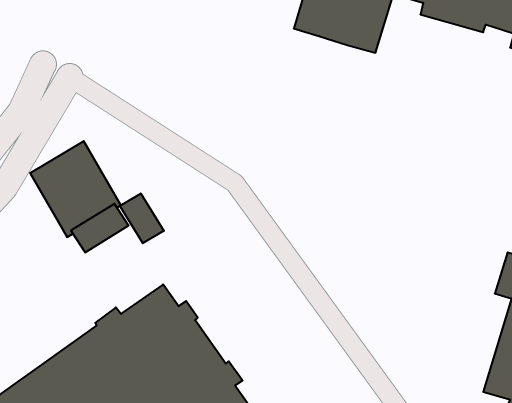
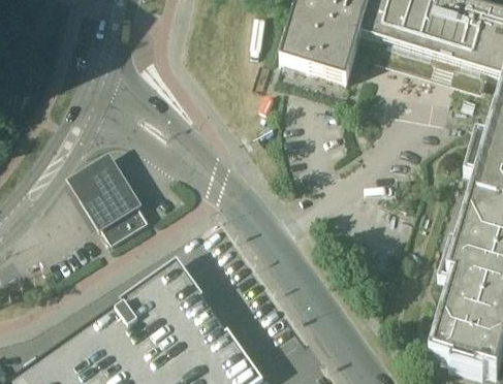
building: [120,193,164,243] -> none

